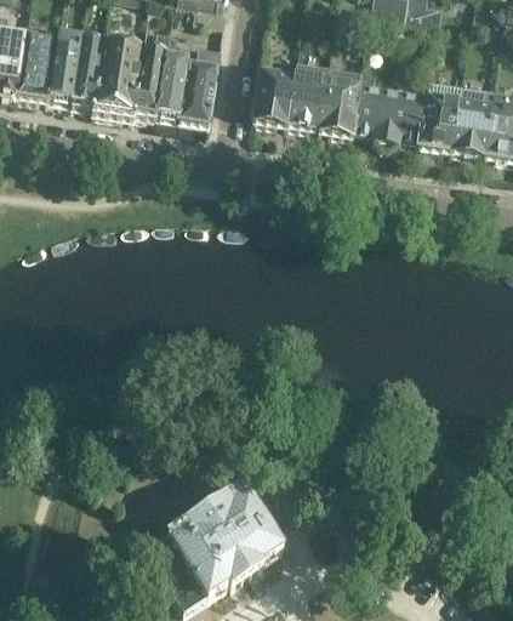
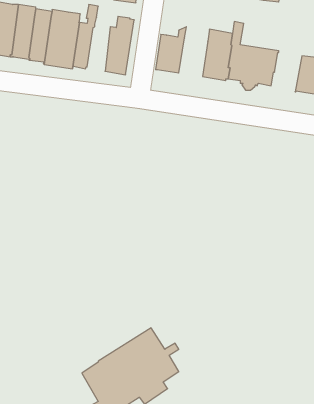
building: [154,44,190,120] -> none
building: [286,57,330,127] -> none
building: [417,93,461,149] -> none

